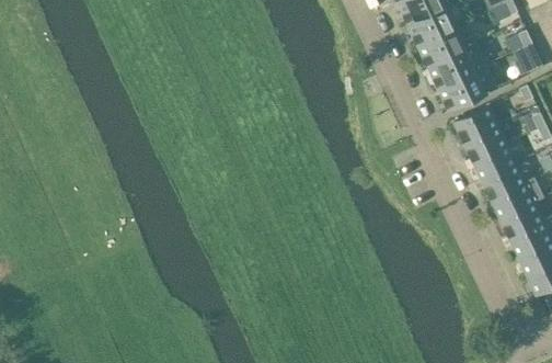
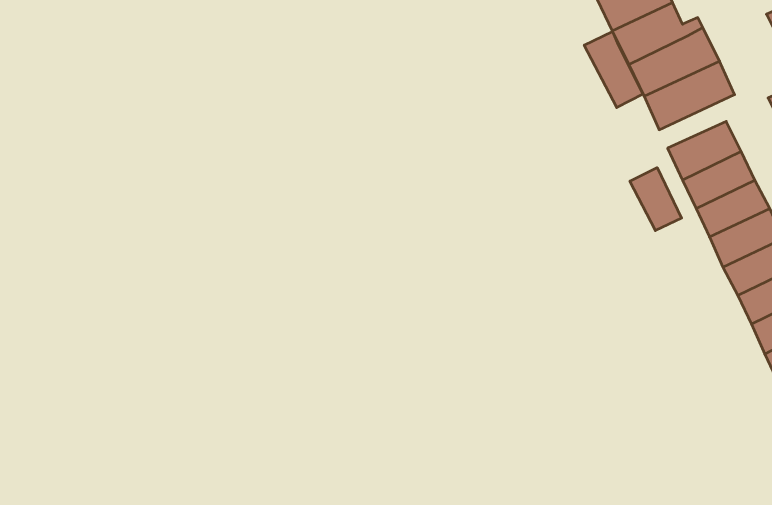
building: none -> [584,31,643,108]
building: none -> [630,168,682,231]

